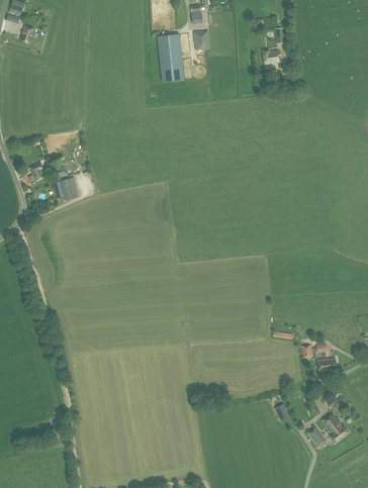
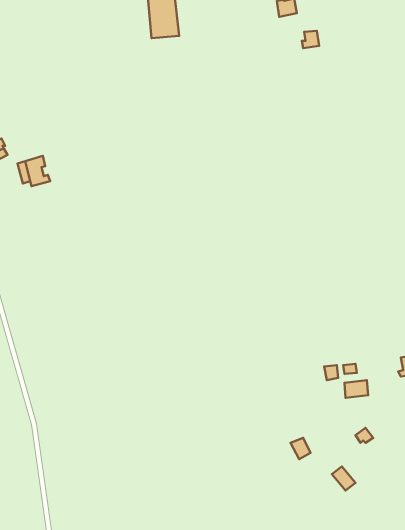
building: [321,412,350,443] -> none

